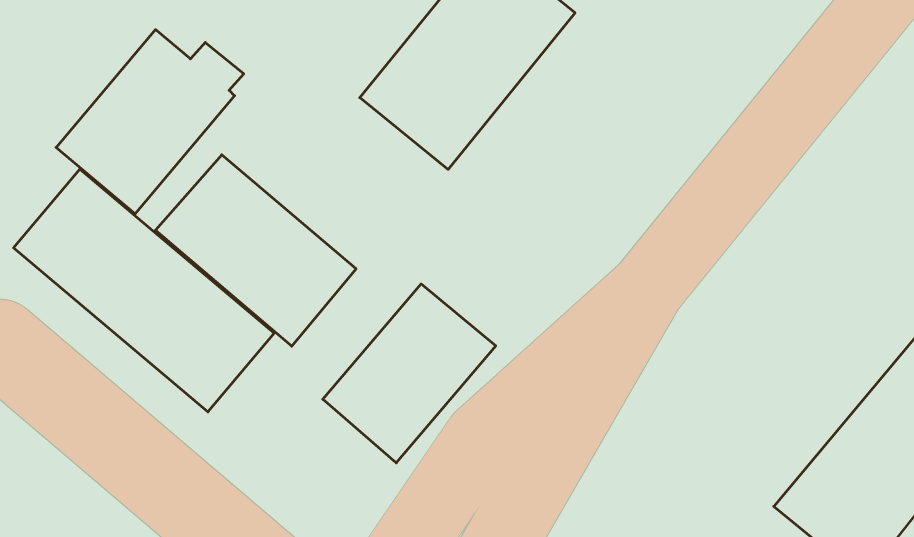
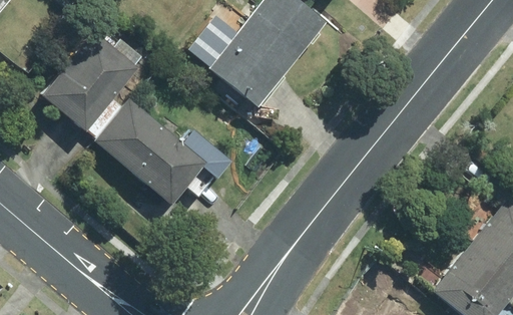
building: [14,169,274,412] -> none
building: [323,284,496,463] -> none

